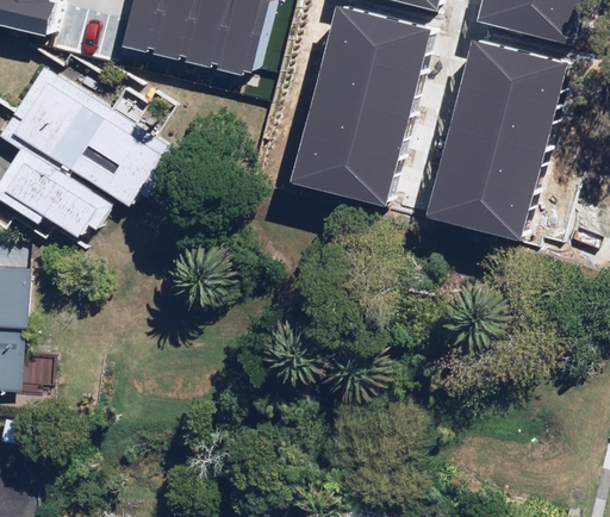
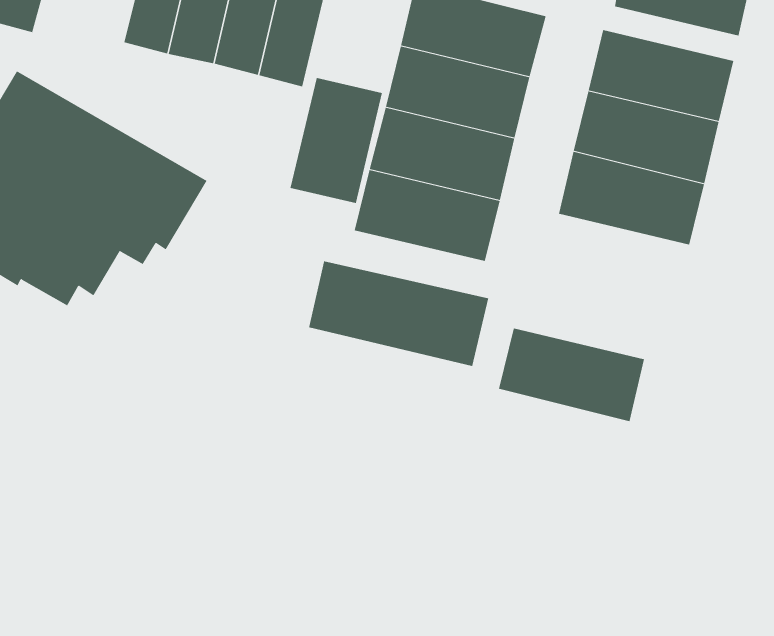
building: none -> [290,77,383,204]
building: [425,172,531,239] -> [498,328,645,422]
building: none -> [308,261,489,367]

